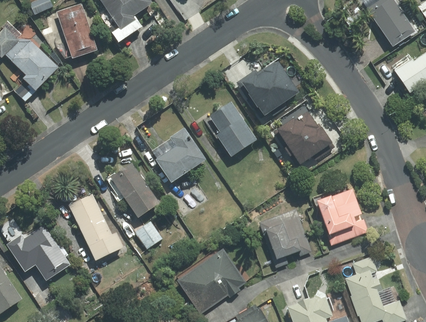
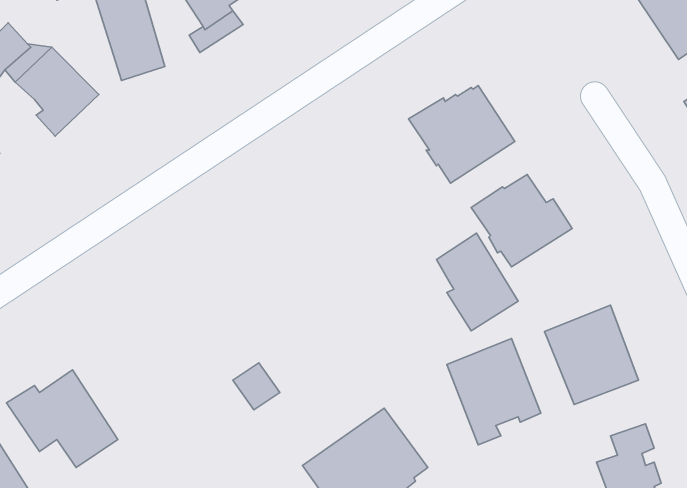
building: [210,101,257,157] -> [436,233,518,331]
building: [155,127,207,183] -> none
building: [111,162,159,217] -> none
building: [69,194,123,261] -> none

